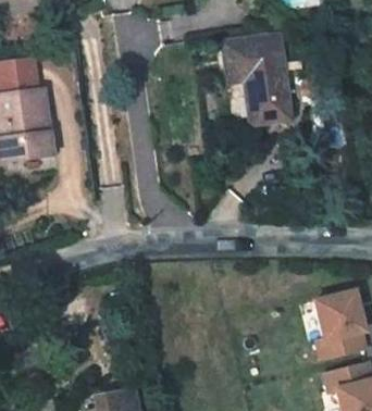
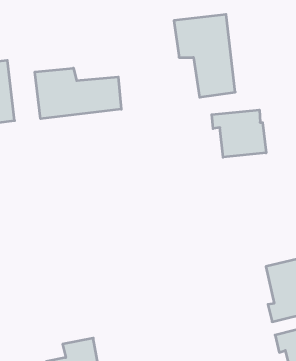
building: none -> [35,68,121,119]
building: none -> [212,110,266,157]

